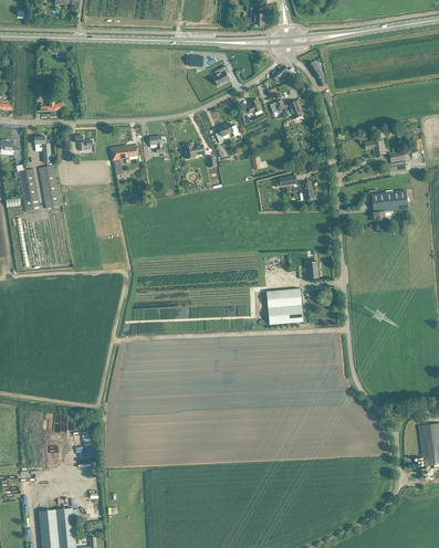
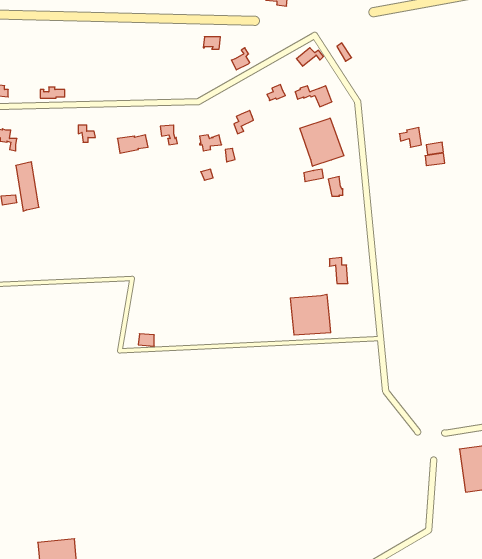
building: none -> [300,118,344,166]
building: [33,136,60,208] -> none
building: [370,190,407,225] -> none

